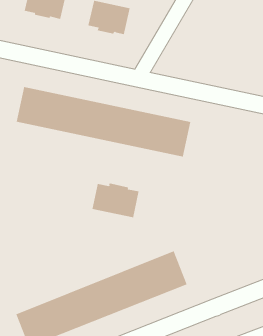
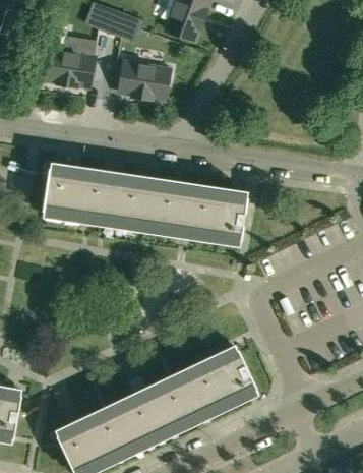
building: [92,183,139,218] -> none

